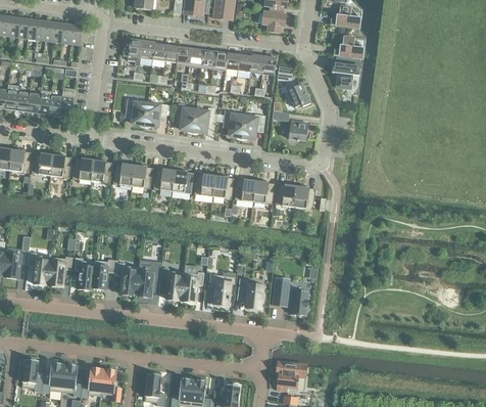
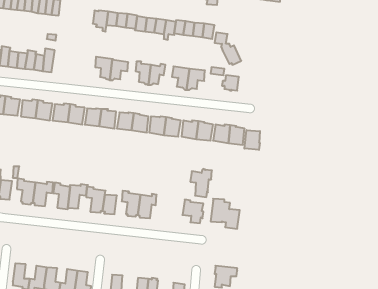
building: [333,35,364,58] -> none
building: [332,61,359,88] -> none
building: none -> [244,130,260,150]
building: [207,270,235,306] -> [190,169,212,197]

